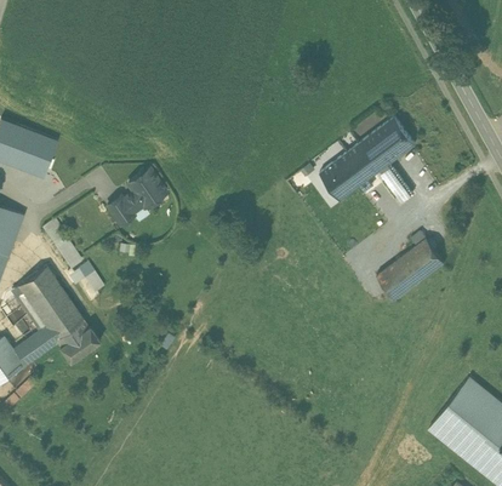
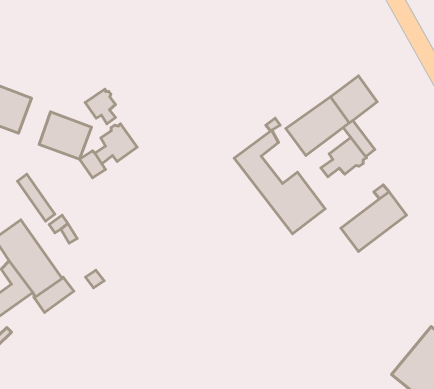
building: none -> [85,89,116,124]
building: none -> [39,112,91,159]
building: none -> [234,130,325,234]
building: none -> [321,137,367,177]

